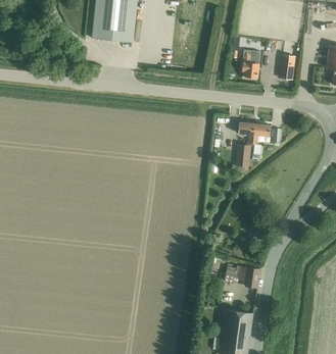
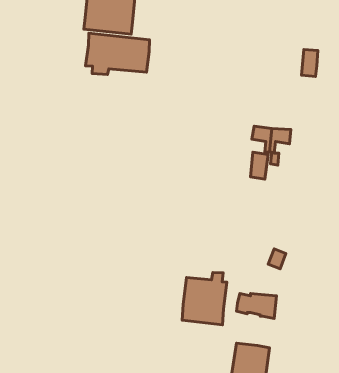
building: none -> [86,33,150,74]
building: [242,50,259,79] -> none
building: none -> [182,272,227,325]

